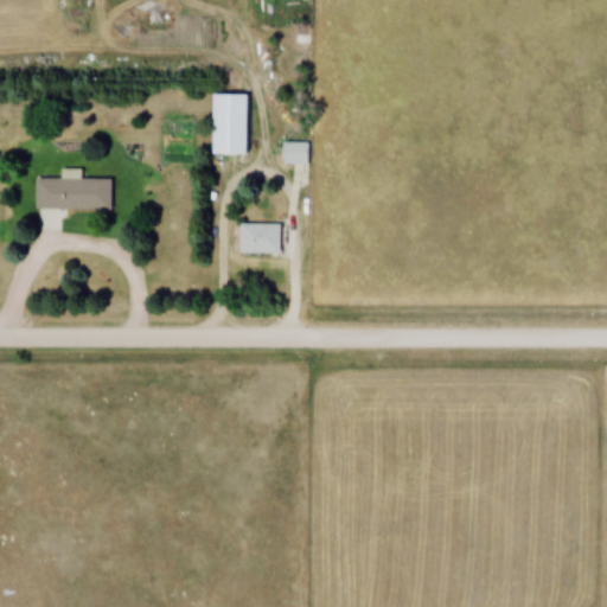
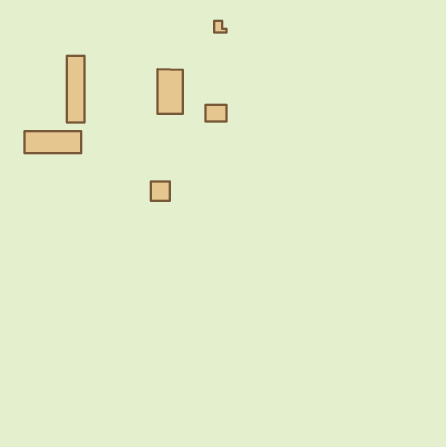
building: none -> [67,56,85,123]
building: [253,225,279,251] -> [151,181,170,201]

